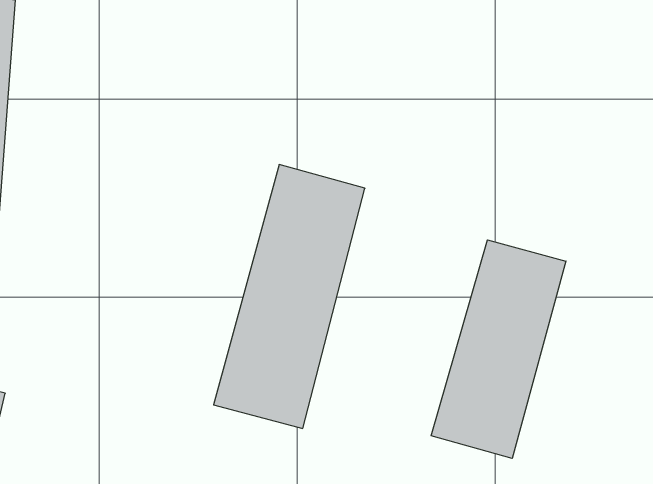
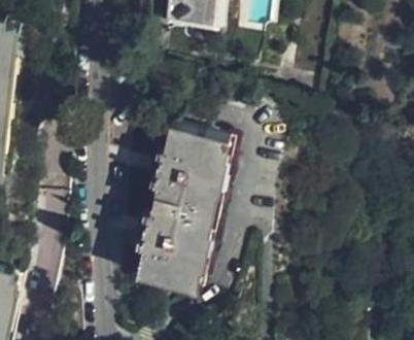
building: [431,240,566,458] -> none

